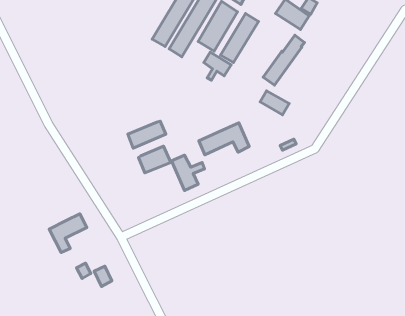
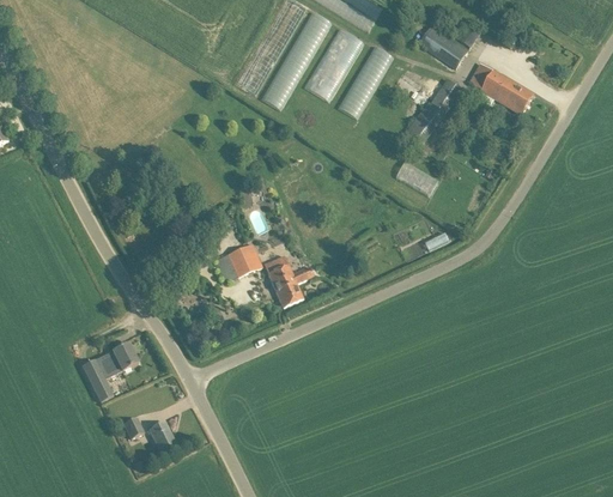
building: none -> [468,63,533,114]
building: [204,52,231,80] -> none
building: [128,121,166,148] -> none
building: [199,123,249,155] -> none

